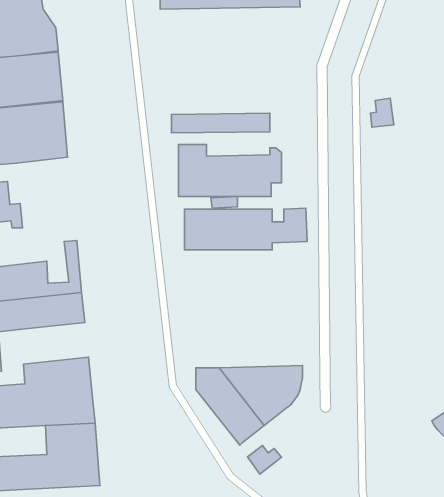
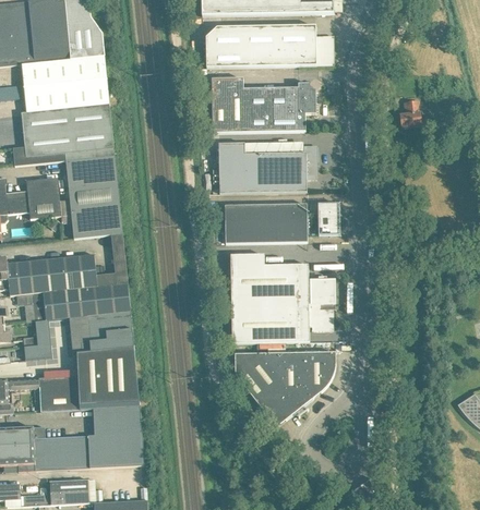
building: none -> [205,25,332,68]
building: none -> [211,77,315,114]
building: none -> [65,155,122,238]
building: none -> [229,254,333,342]
building: none -> [68,311,133,350]
building: [247,446,281,474] -> none

